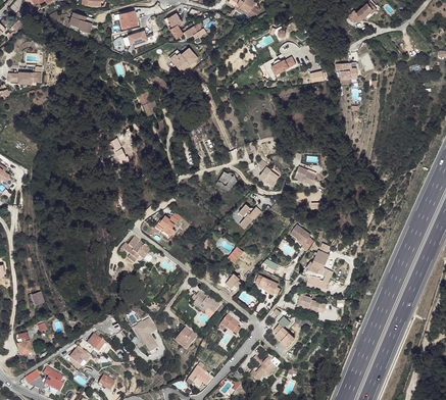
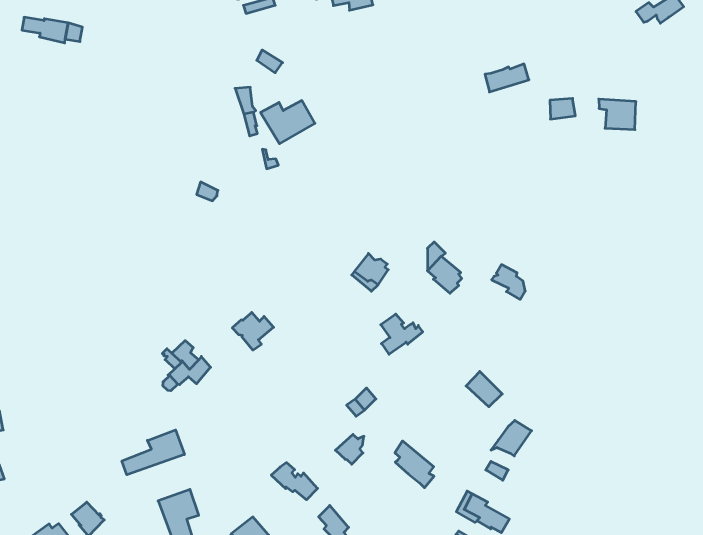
building: [167,46,198,71] -> [261,101,315,144]
building: none -> [122,430,184,475]

